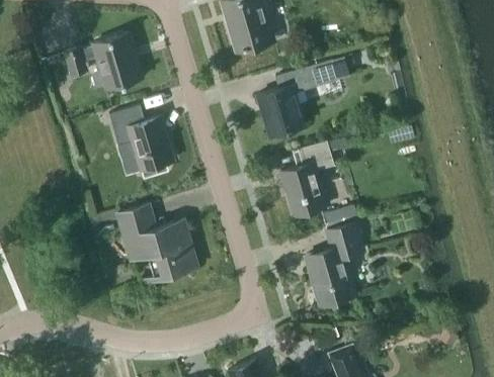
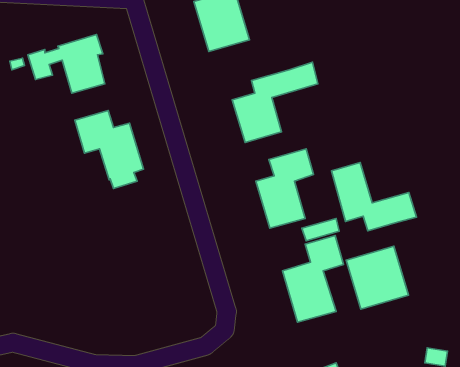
building: none -> [331,163,417,231]
building: [116,206,196,278] -> none
building: none -> [346,246,409,309]

